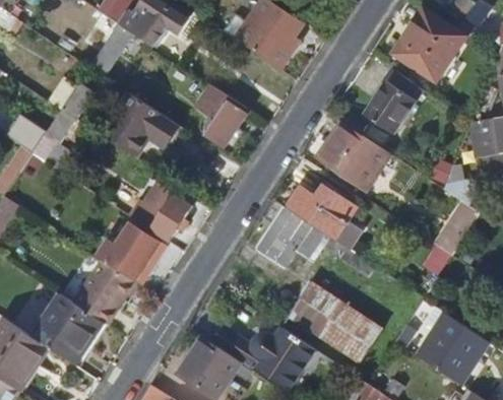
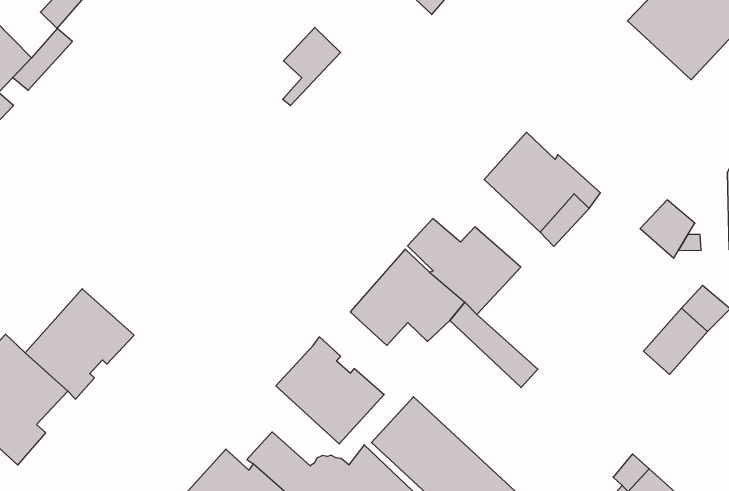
building: [365,83,417,135] -> none
building: [103,93,181,159] -> none
building: [205,97,249,146] -> none
building: [135,184,193,241] -> none
building: [109,224,166,282] -> none
building: none -> [276,337,384,444]

